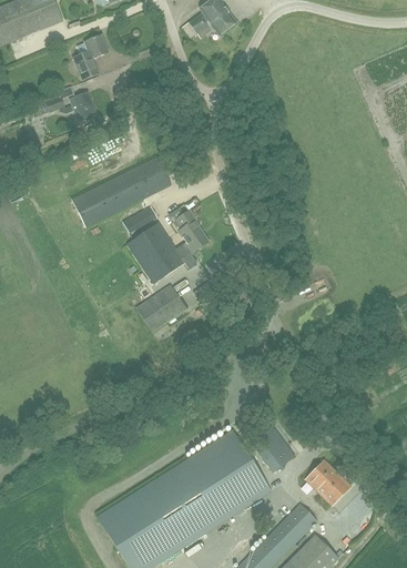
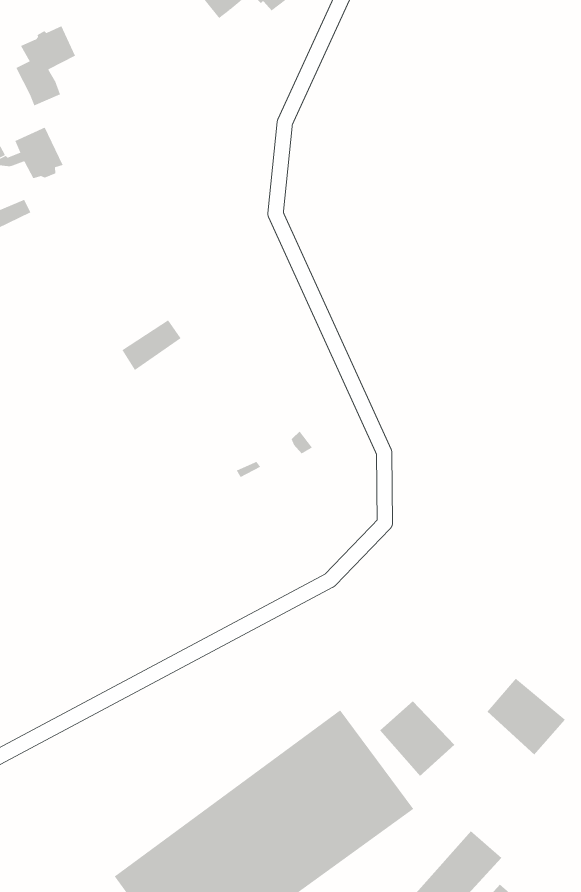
building: [71,151,180,227] -> none
building: [128,211,208,284] -> none
building: [136,285,187,332] -> none
building: [306,462,350,506] -> [486,678,566,755]

